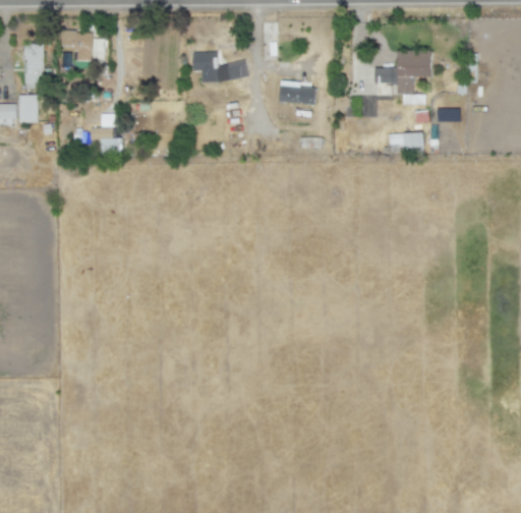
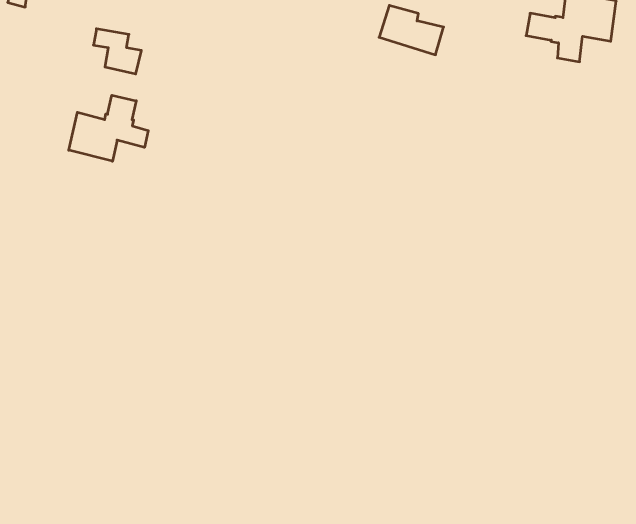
building: [387,132,421,151] -> none
building: none -> [69,95,148,161]

